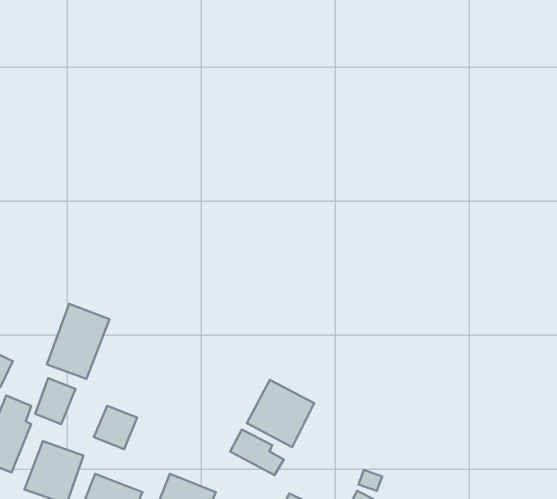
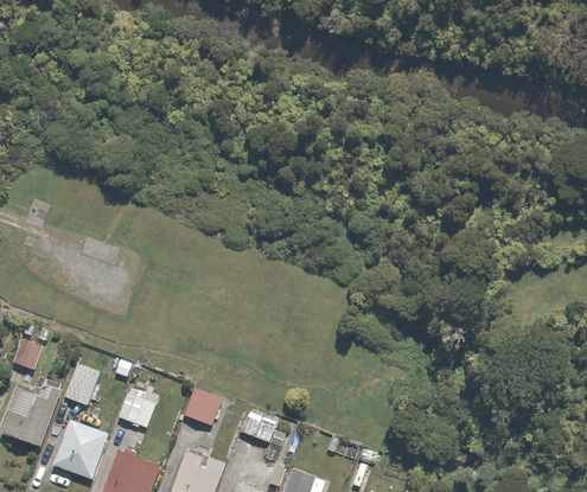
building: [47,304,109,379] -> none
building: [247,380,314,447] -> none
building: none -> [181,388,222,426]

